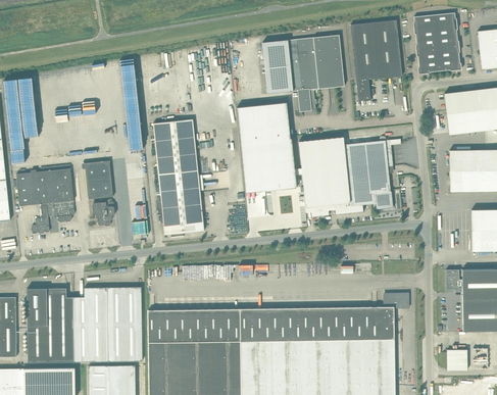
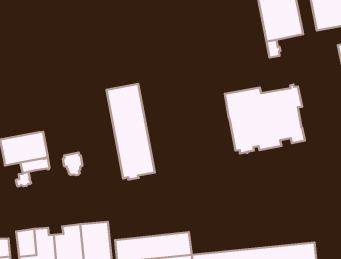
building: [262,35,344,111] -> none
building: [236,102,302,193] -> none
building: [85,160,113,199] -> none
building: [240,292,409,337] -> none

